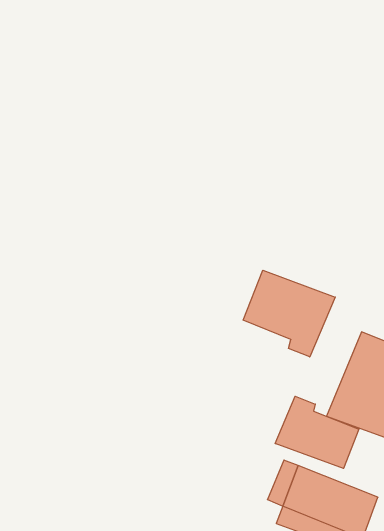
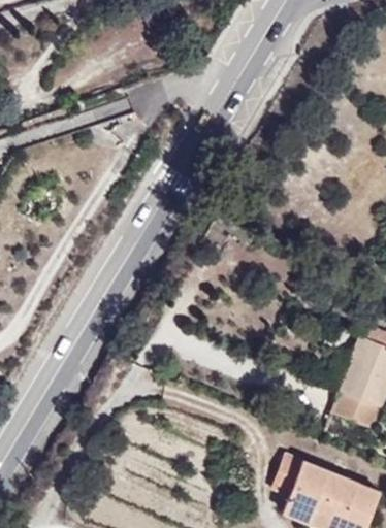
building: [243,270,335,357] -> none
building: [275,396,359,468] -> none

